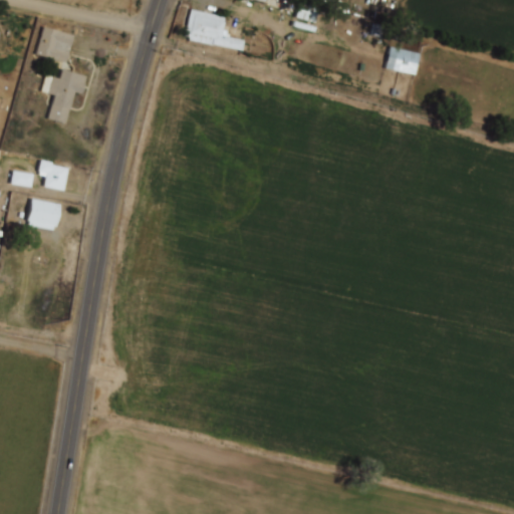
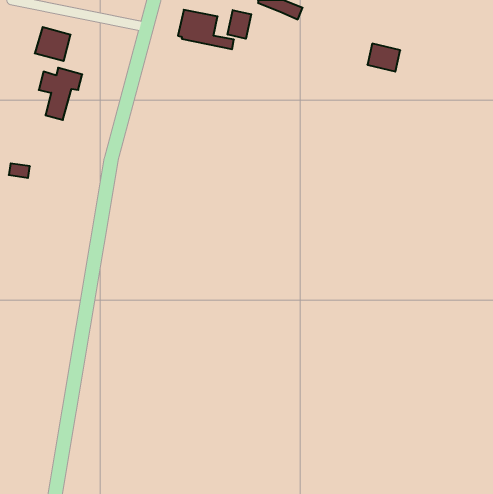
building: none -> [228,10,251,39]
building: [39,160,69,190] -> none
building: [28,199,61,226] -> none

